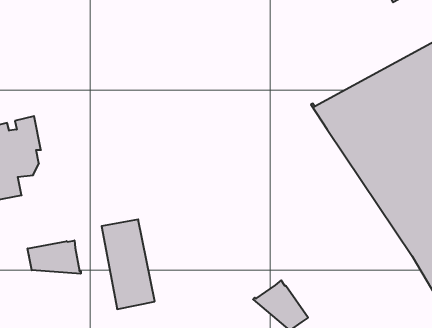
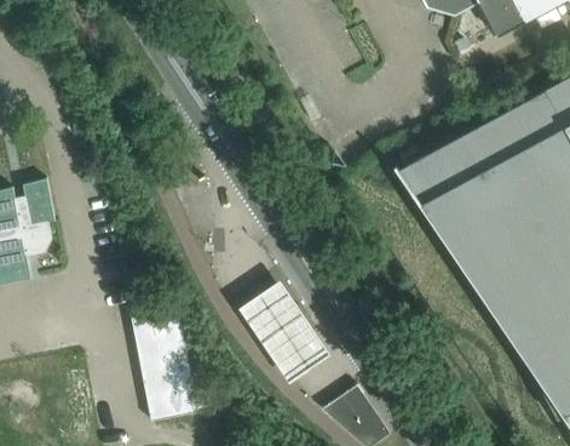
building: none -> [238,273,332,376]
building: [28,240,81,274] -> none

